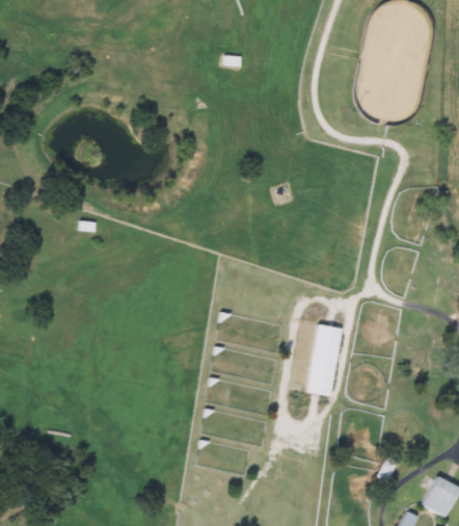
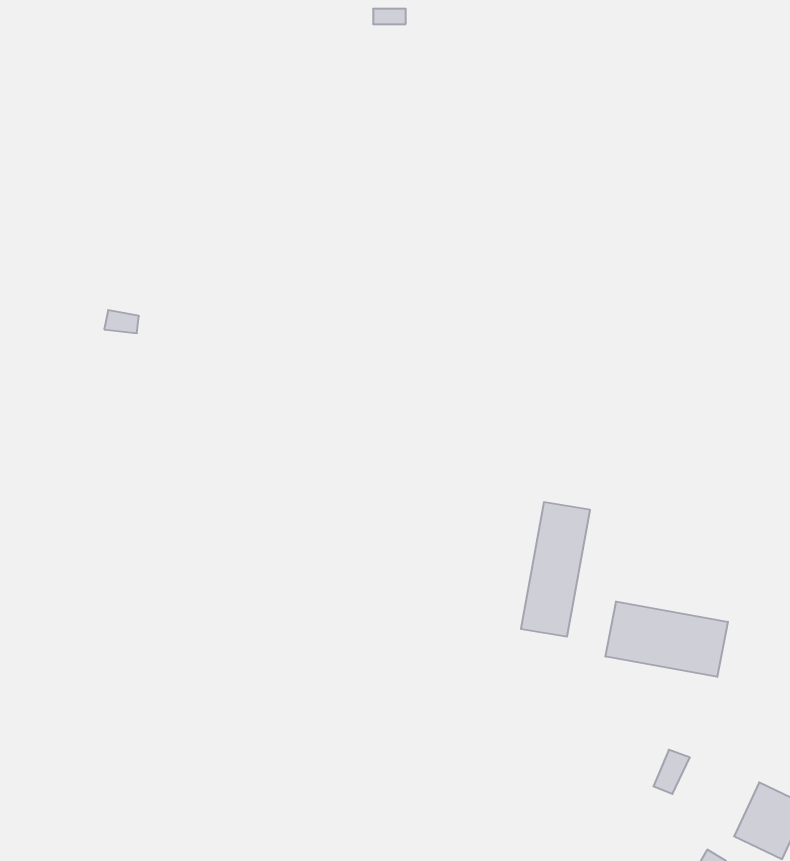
building: none -> [605,601,728,677]

